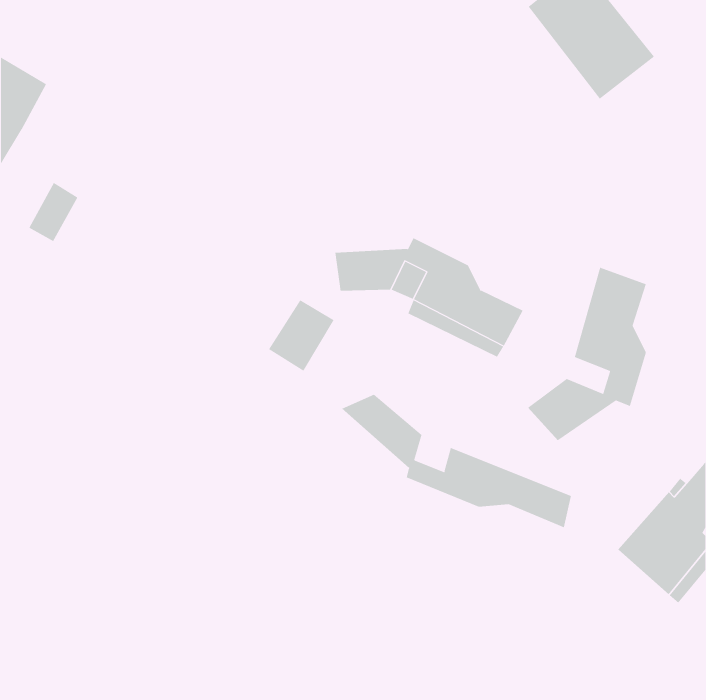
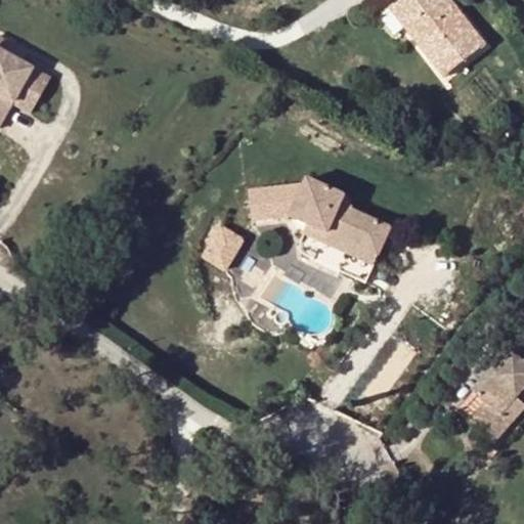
building: [29,182,78,242] -> [16,62,53,106]
building: [527,267,647,441] -> none
building: [341,394,571,528] -> none

